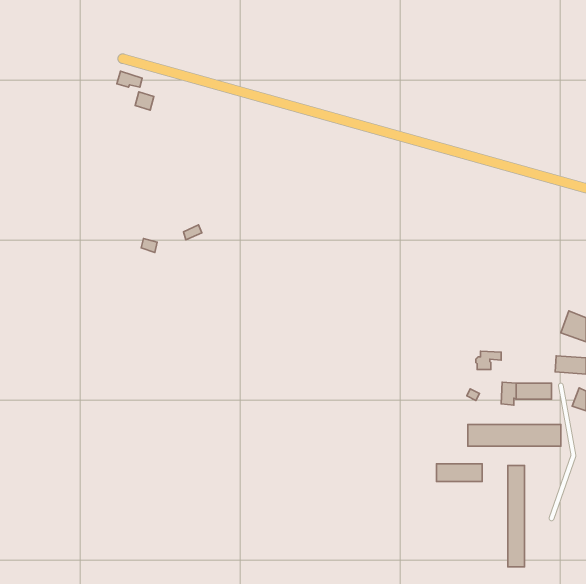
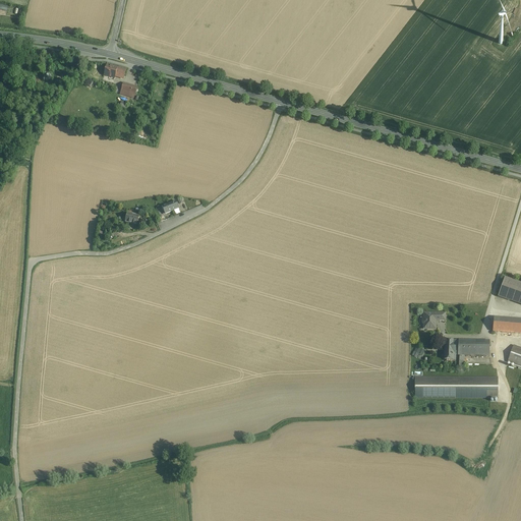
building: [436,464,482,481] -> none
building: [508,466,525,567] -> none

